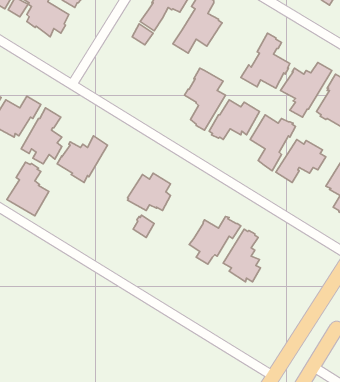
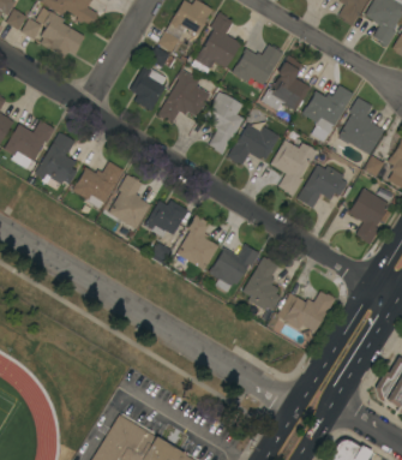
building: none -> [232,44,283,85]
building: none -> [130,66,167,112]
building: none -> [157,70,210,123]
building: [7,162,49,216] -> [108,174,151,229]
building: none -> [174,215,218,270]
building: none -> [277,291,336,331]

